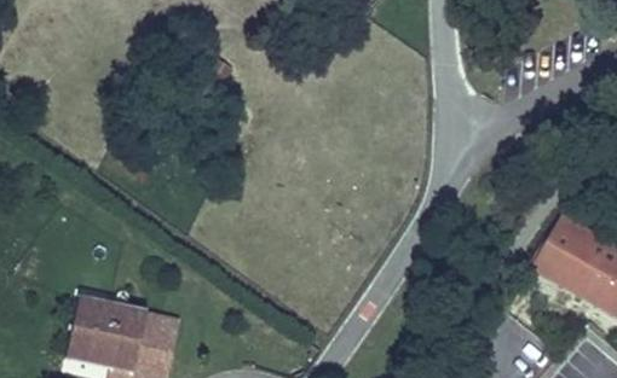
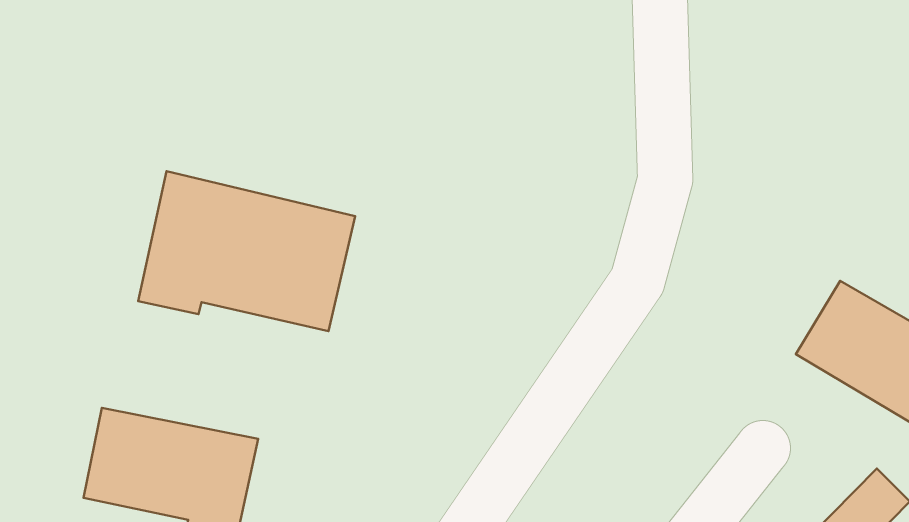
building: none -> [138,171,355,331]

